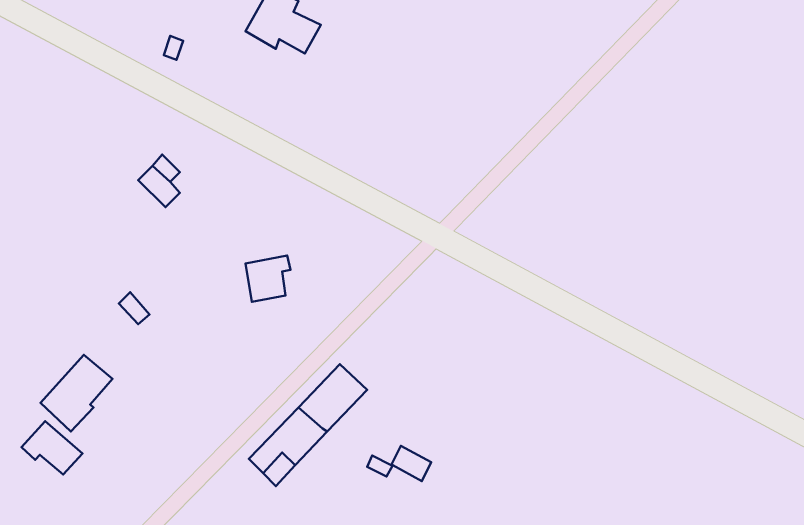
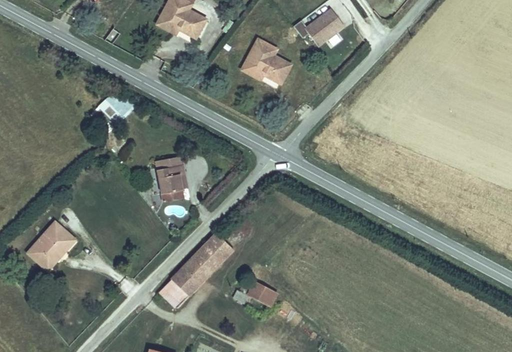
building: none -> [294,8,344,45]
building: none -> [244,40,291,81]
building: [22,421,82,475] -> none

